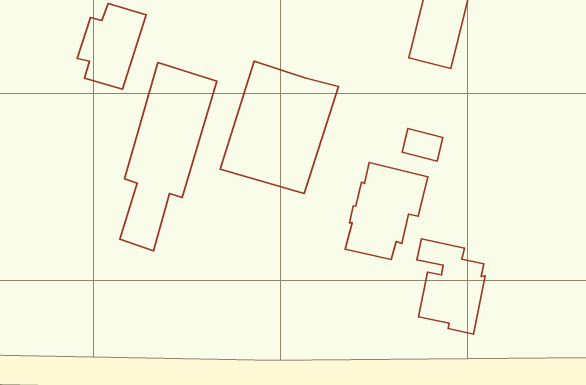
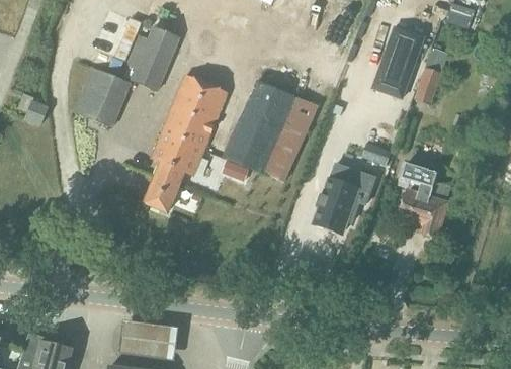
building: none -> [415,66,441,102]
building: none -> [75,67,131,125]
building: [417,239,485,334] -> [398,162,450,237]

